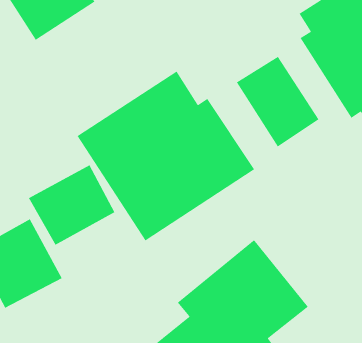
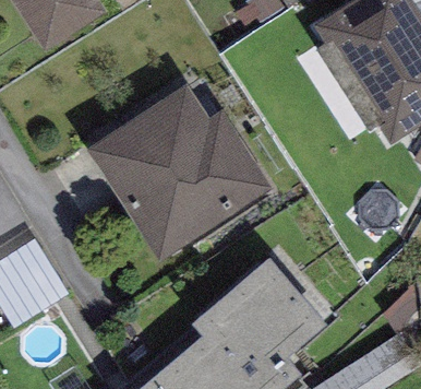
building: [236,56,319,147] -> none
building: [28,164,116,246] -> none

